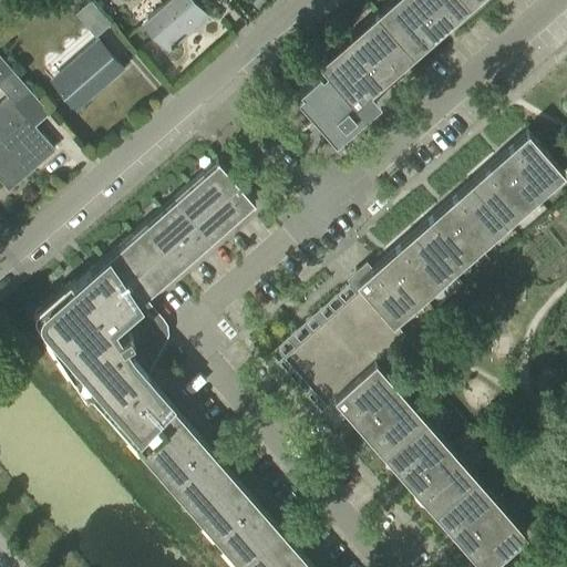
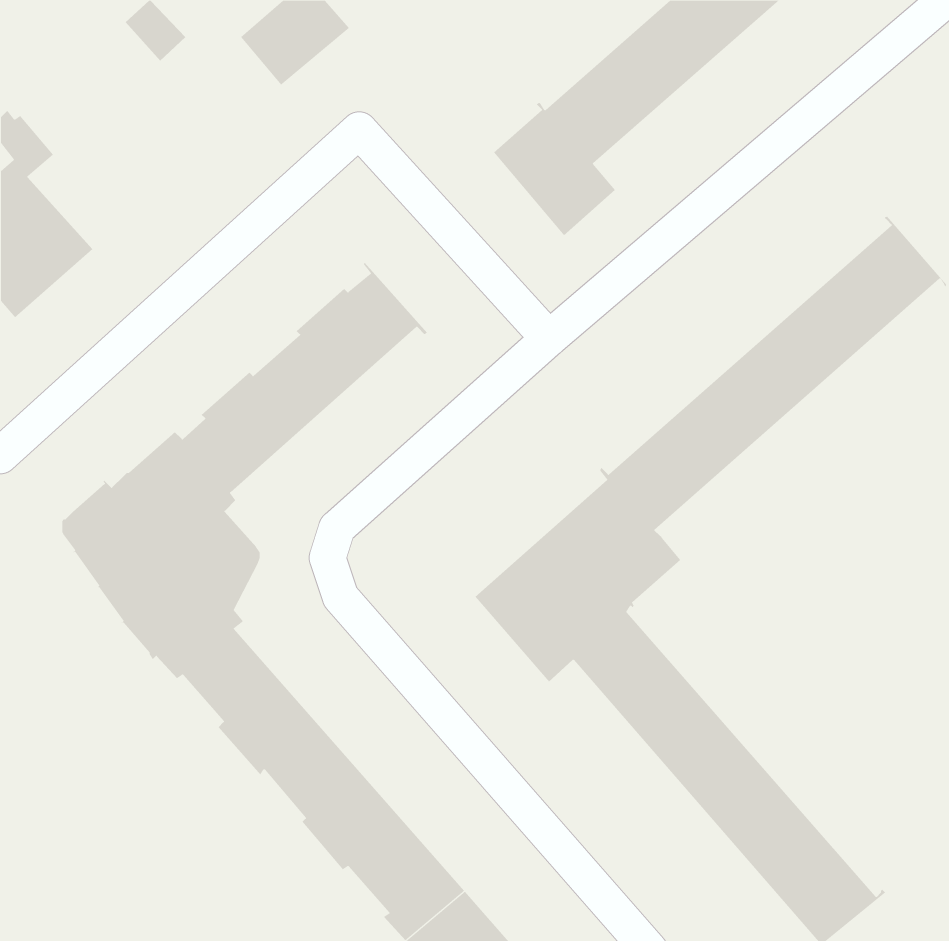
building: [53,45,124,113] -> none

